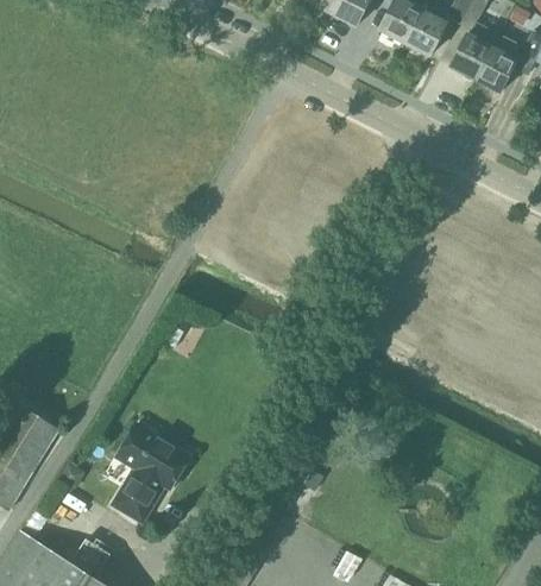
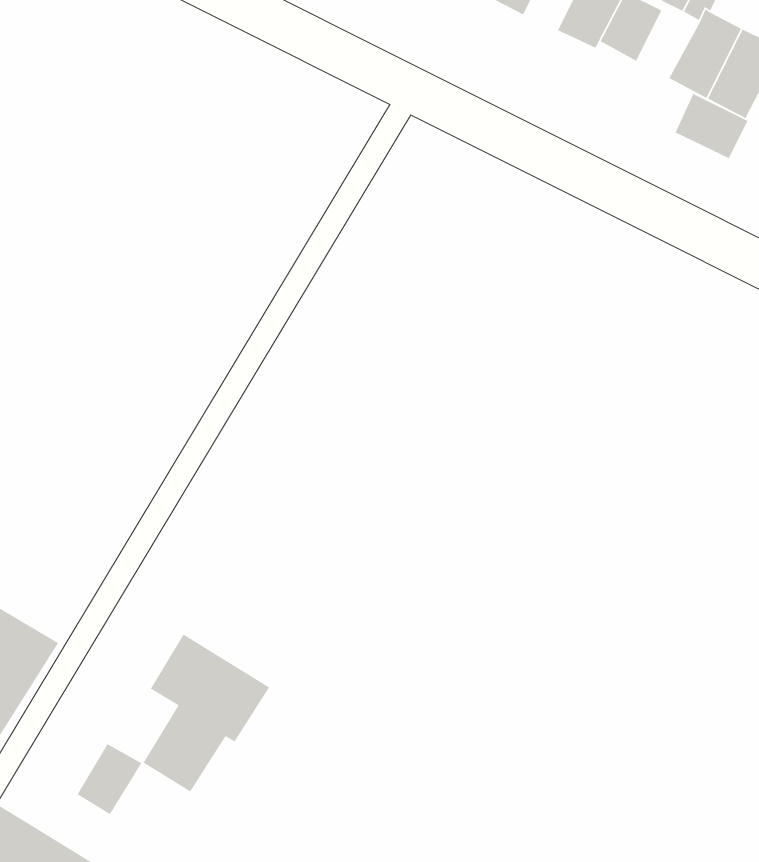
building: none -> [675,93,749,159]
building: none -> [76,743,142,815]

